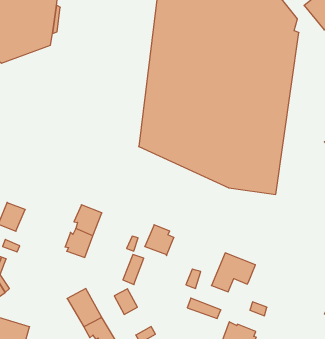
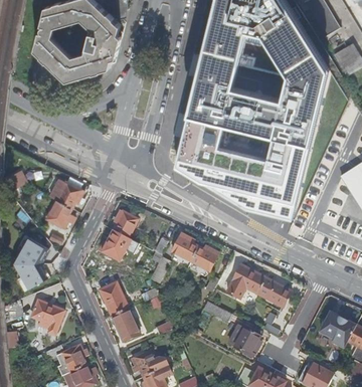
building: none -> [56,181,81,208]
building: none -> [190,245,218,271]
building: none -> [257,277,292,308]

